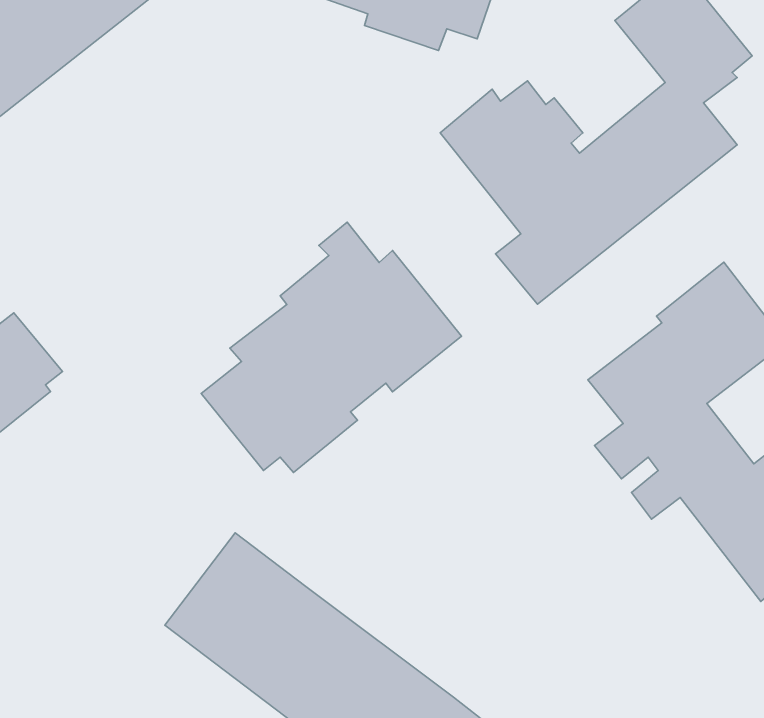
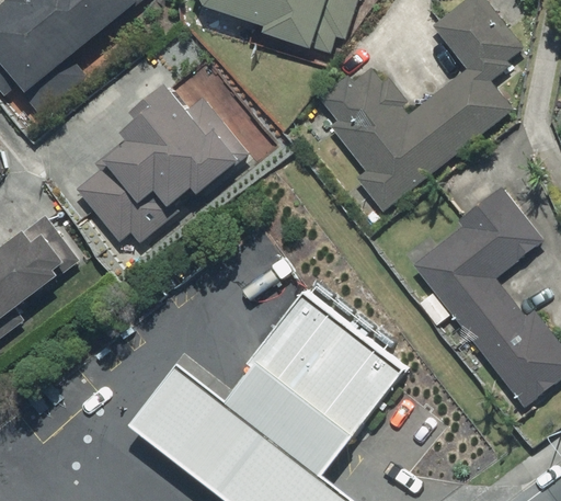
building: [201,222,461,472] -> [77,78,247,241]
building: none -> [229,295,402,469]

